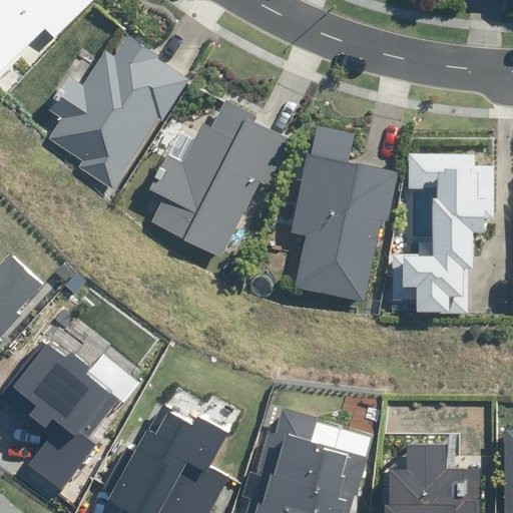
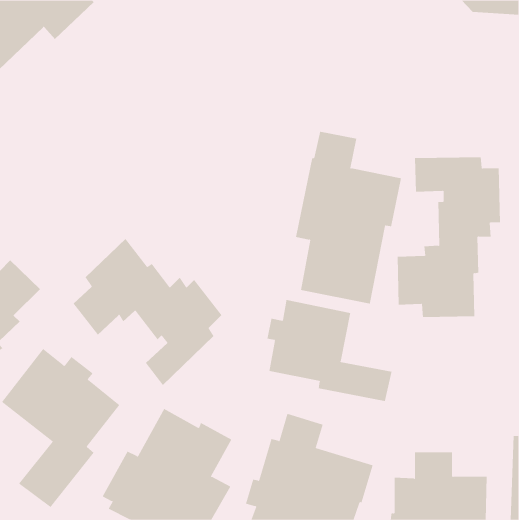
building: [47,37,186,190] -> none
building: [148,99,294,258] -> none
building: none -> [73,238,222,386]
building: none -> [267,299,392,402]

